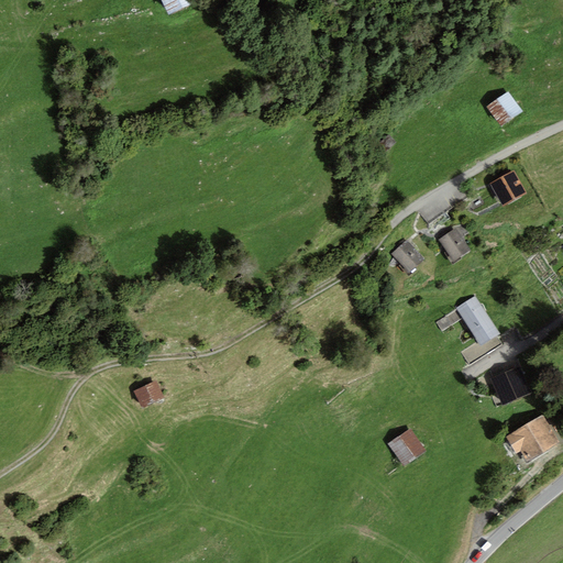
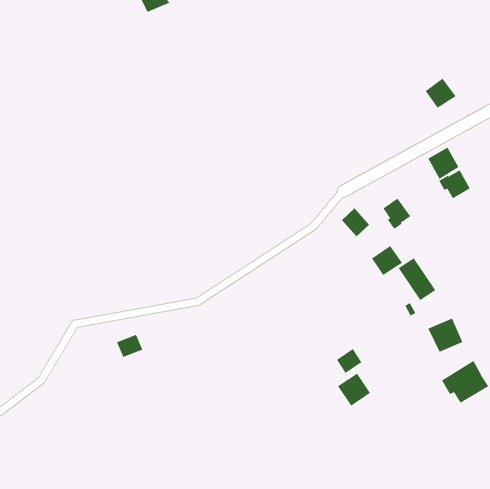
building: none -> [439,170,470,199]
building: none -> [371,245,403,276]
building: none -> [336,348,362,374]

